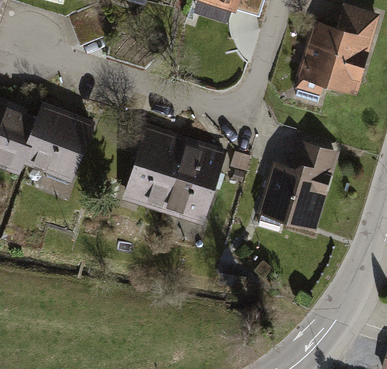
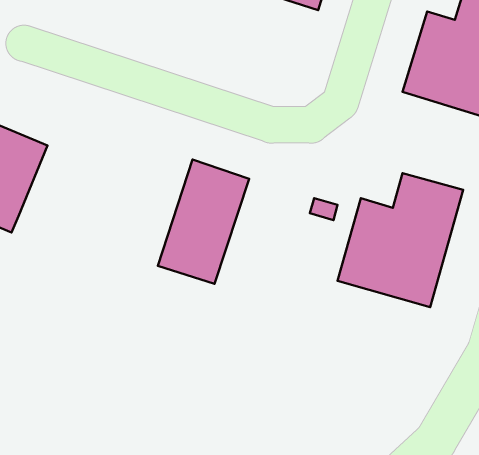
building: [21,107,99,191] -> none
building: [163,143,228,232] -> none

